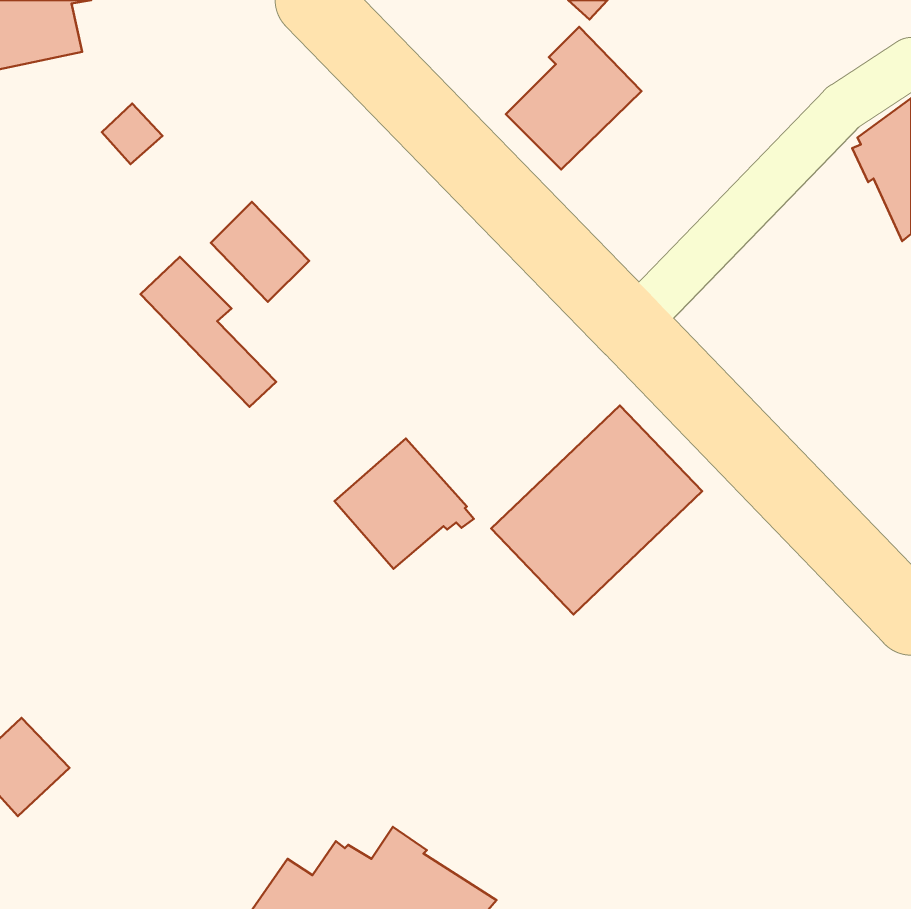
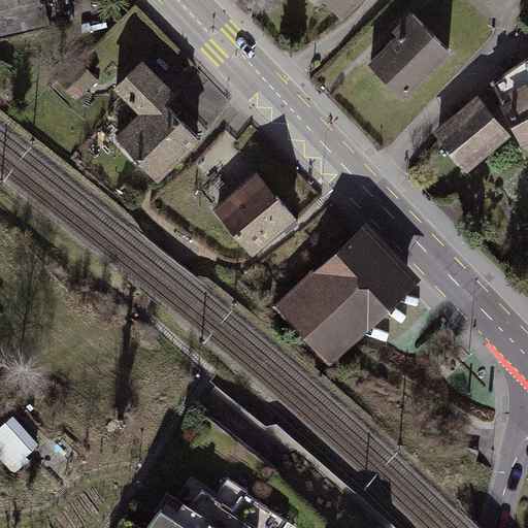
building: [506,27,642,170] -> [370,14,449,97]
building: none -> [437,100,505,167]
building: [141,257,276,407] -> [116,66,194,153]
building: [335,439,474,569] -> [217,177,297,253]

